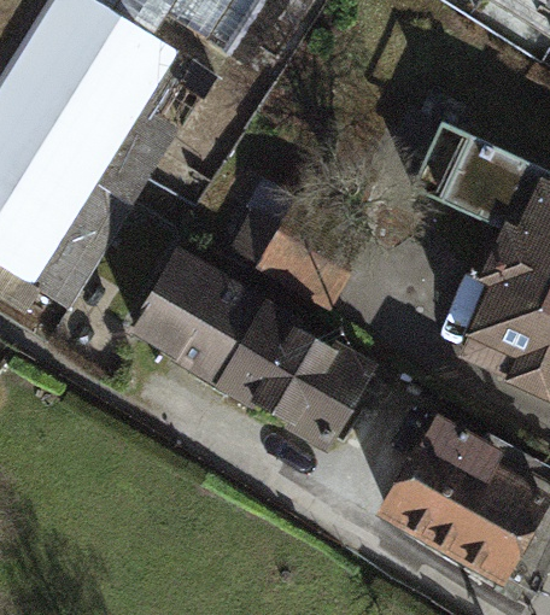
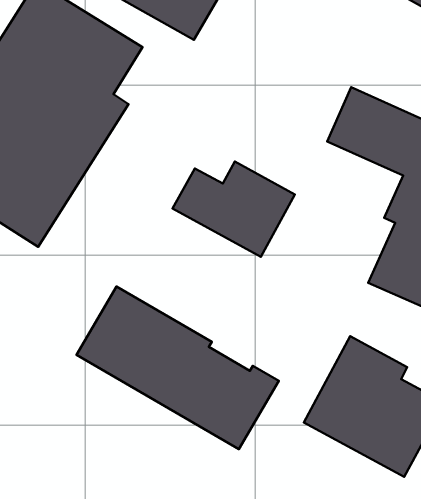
building: [128,247,371,443] -> [76,287,279,449]

